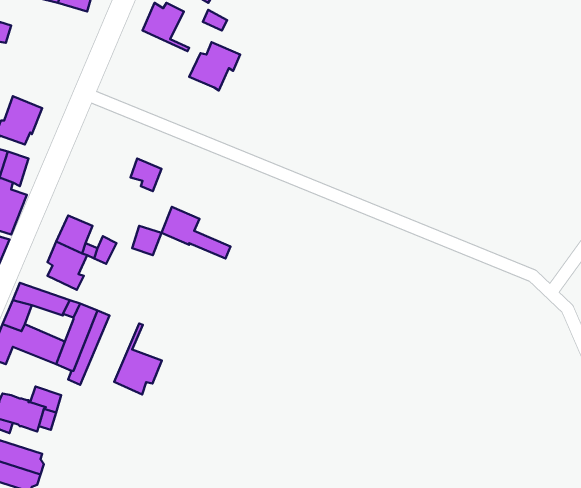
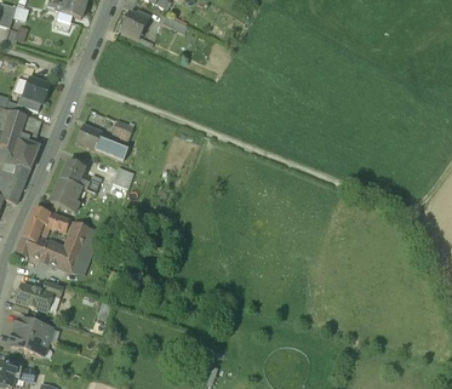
building: [189,42,240,90] -> none
building: [161,207,231,259] -> [75,122,124,159]
building: [114,323,162,395] -> none

